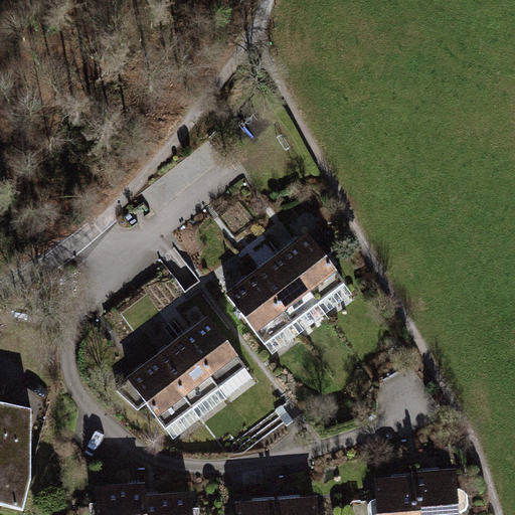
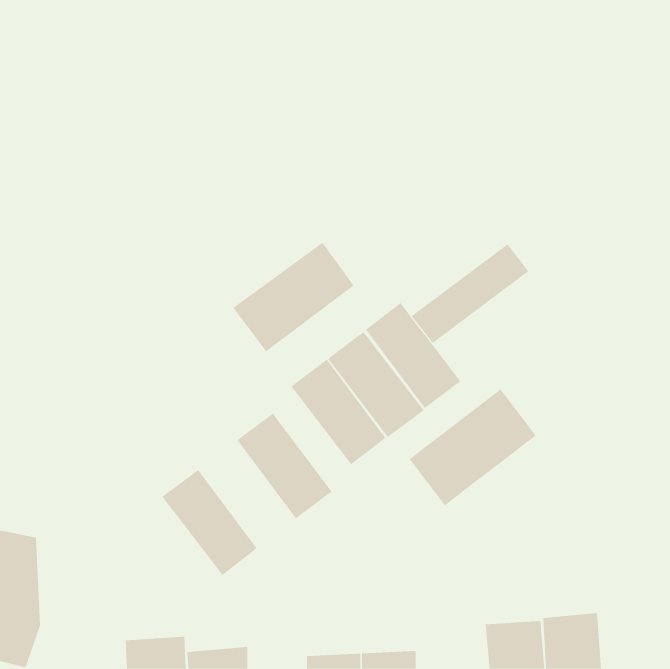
building: none -> [233,242,355,352]
building: none -> [411,243,529,344]
building: none -> [409,389,537,506]
building: [152,338,225,418] -> none

